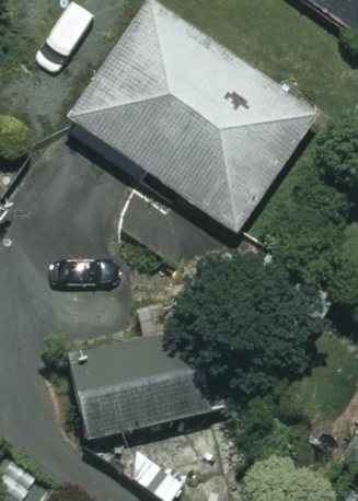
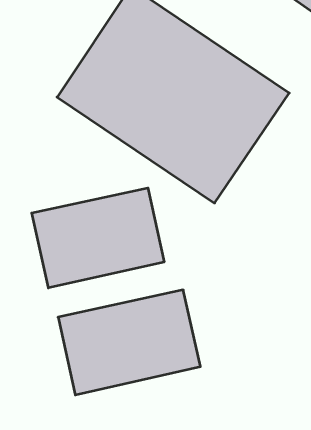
building: none -> [32,188,164,288]

